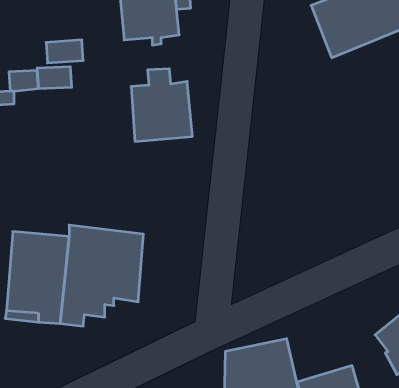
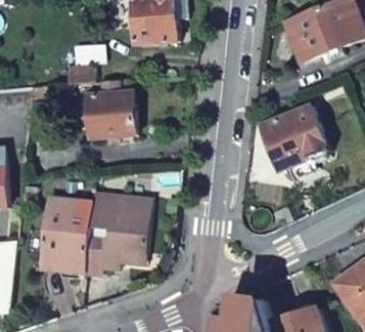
building: [131,69,192,141] -> [86,81,135,139]
building: none -> [263,103,330,167]

